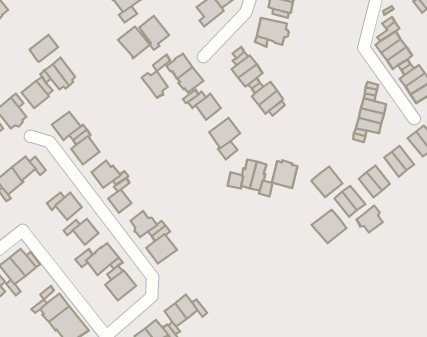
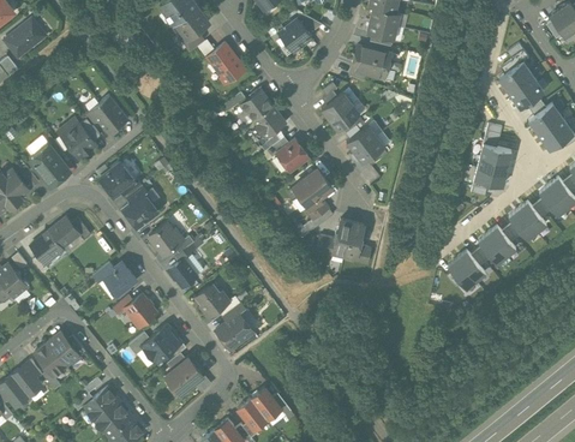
building: [118,26,150,59] -> none
building: [30,35,58,62] -> none
building: [142,71,168,98] -> none
building: [272,160,298,188] -> none
building: [312,166,343,197] -> none
building: [356,206,383,232] -> none
building: [312,210,347,243] -> none

